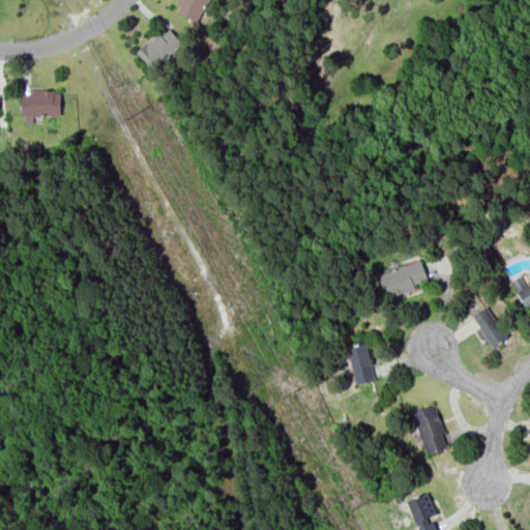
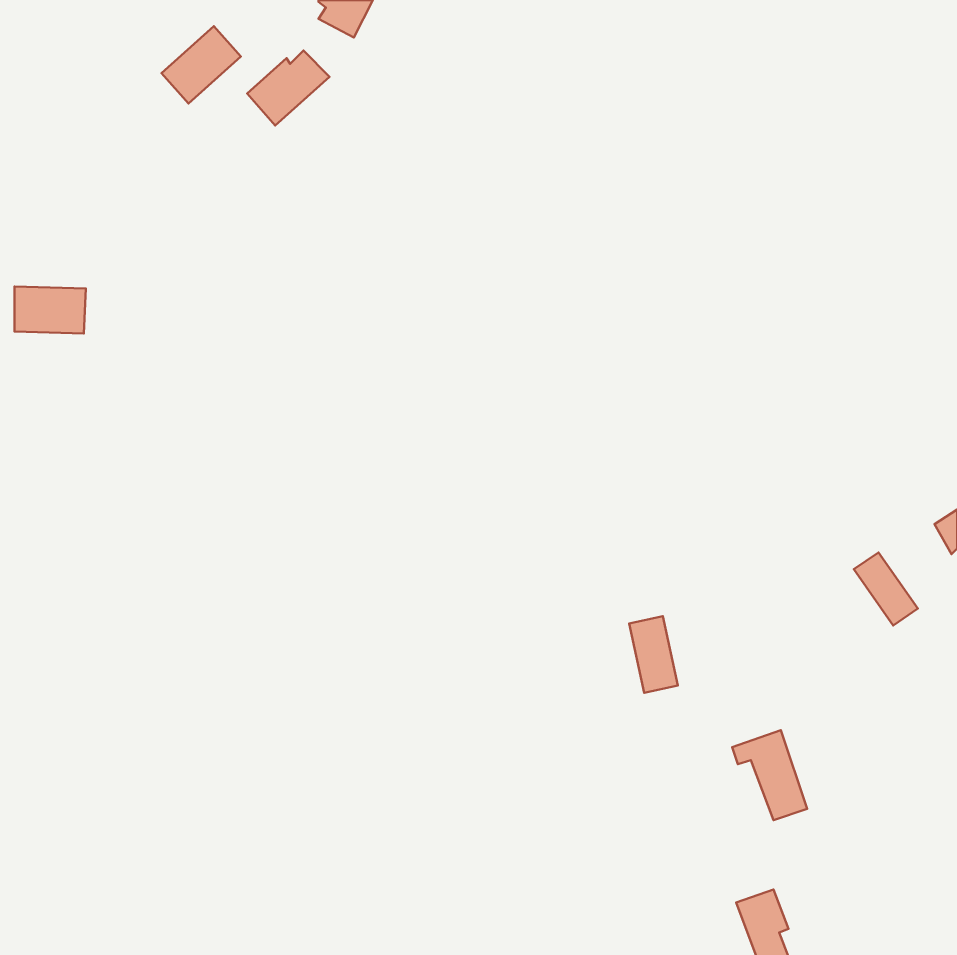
building: none -> [162,26,241,103]
building: [21,90,60,116] -> [15,287,86,333]
building: [377,259,428,298] -> none

